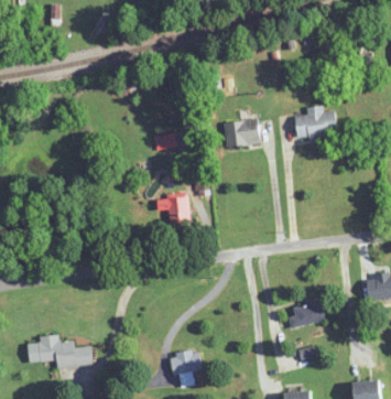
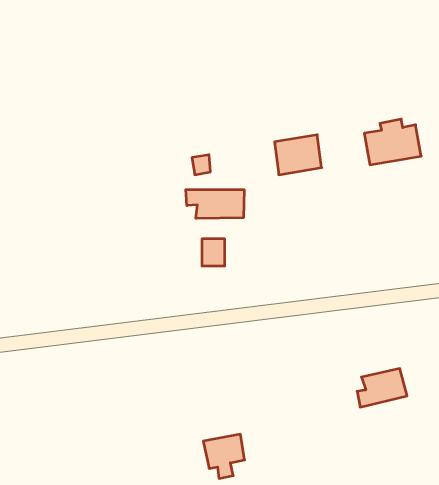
building: none -> [186,190,244,218]
building: [26,335,91,367] -> none

